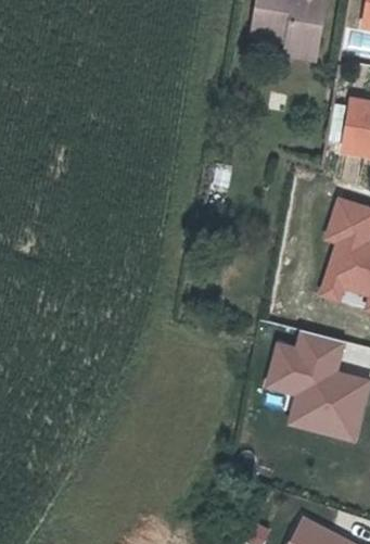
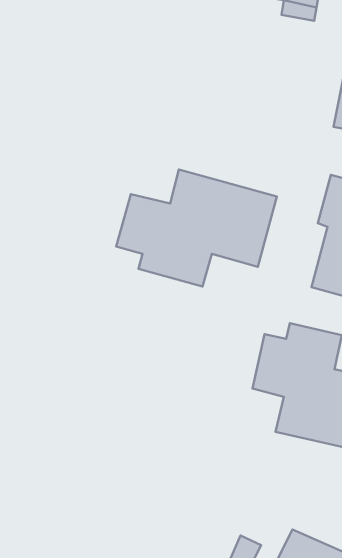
building: none -> [116,170,277,286]

